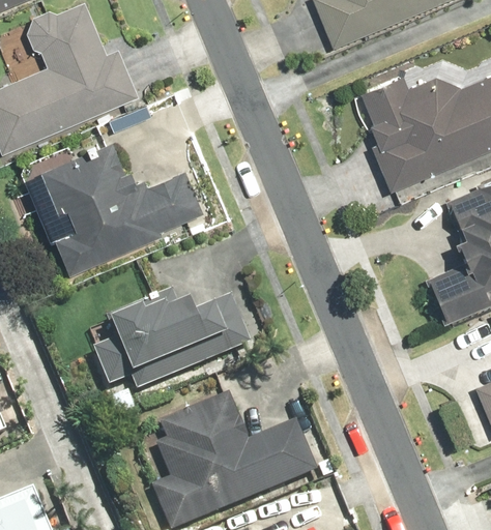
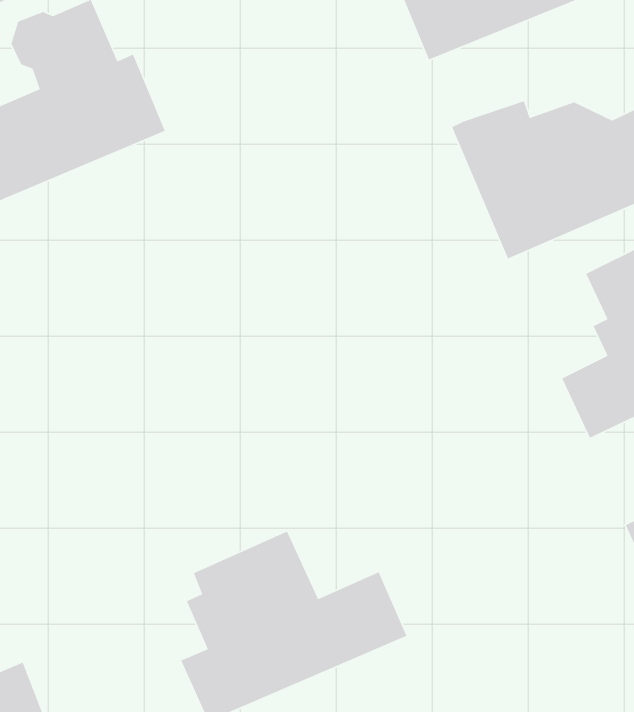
building: [38,142,207,276] -> none
building: [93,287,253,391] -> none

